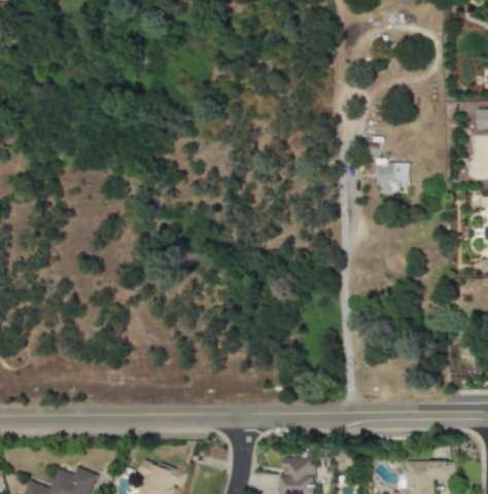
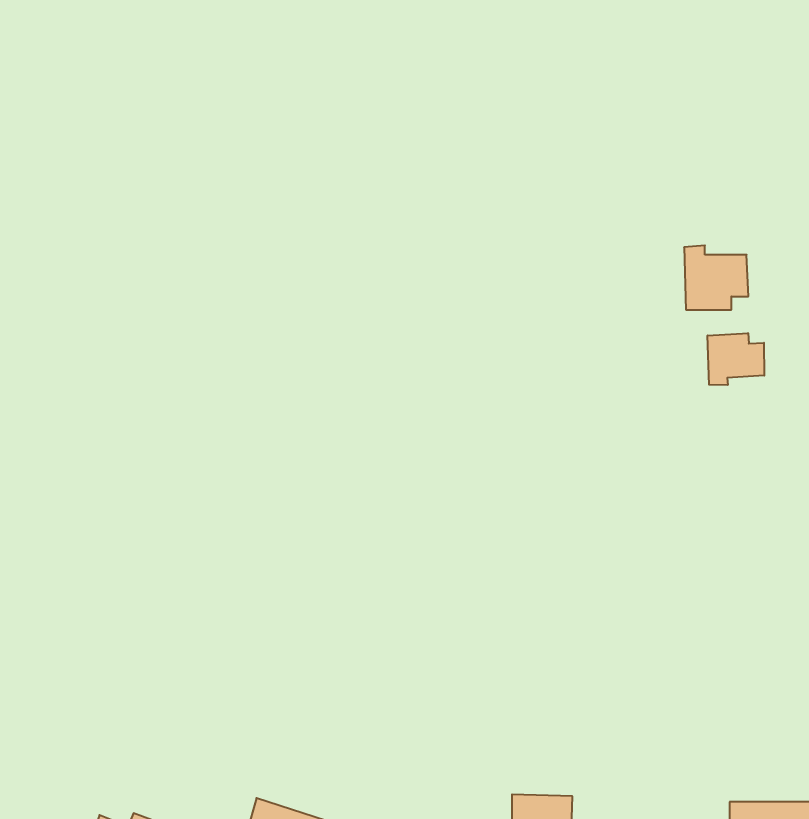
building: none -> [708,333,764,385]

